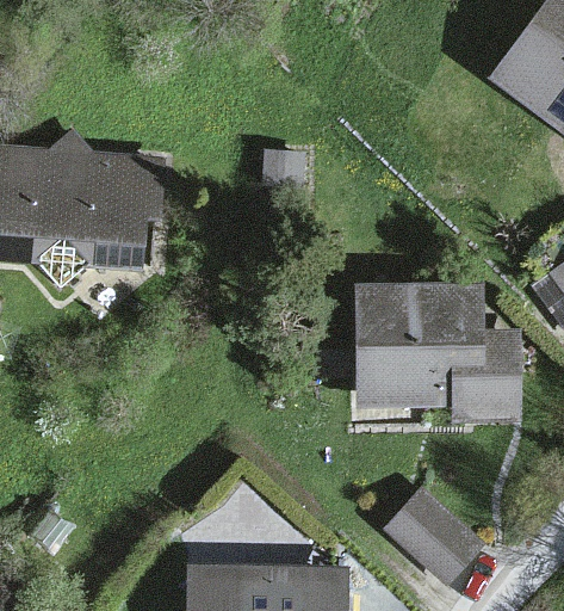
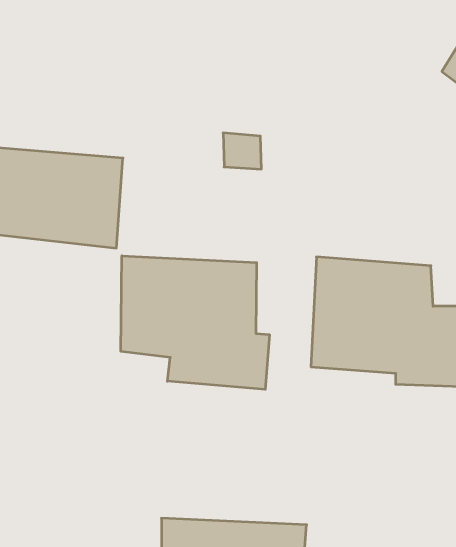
building: none -> [121,256,269,389]
building: [380,483,484,581] -> none

